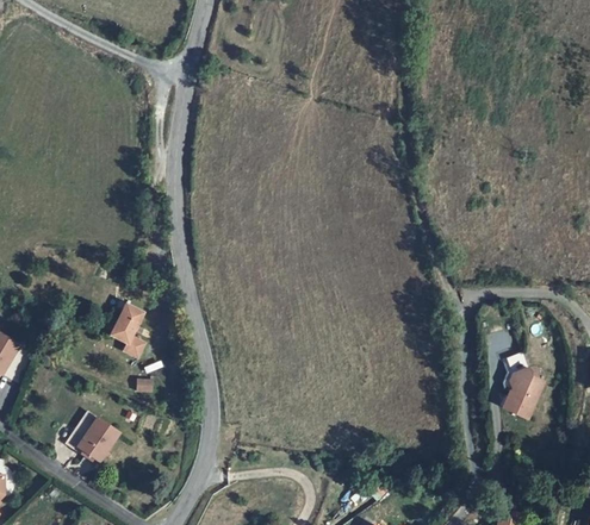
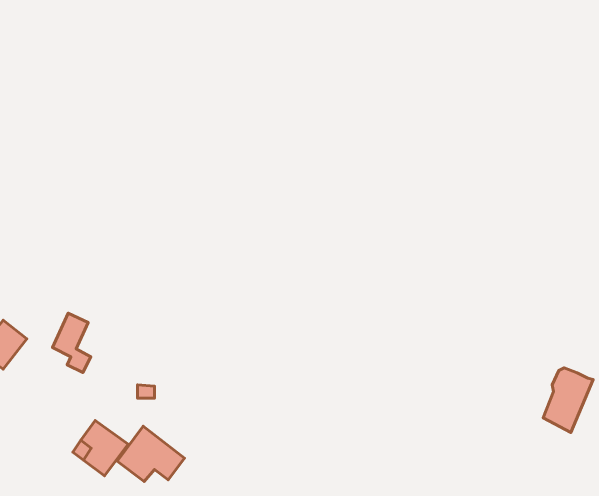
building: [108,306,143,360] -> [53,313,91,373]
building: none -> [117,426,184,481]

